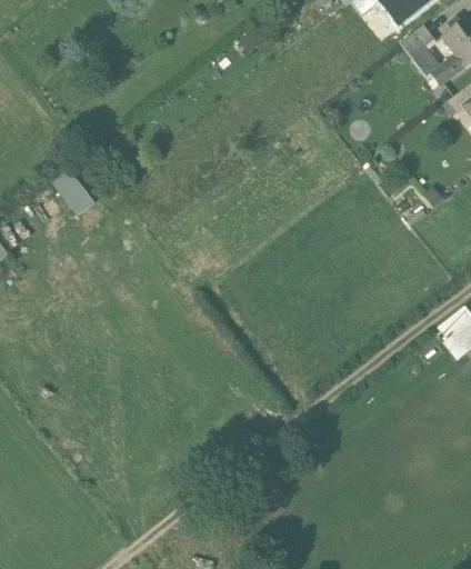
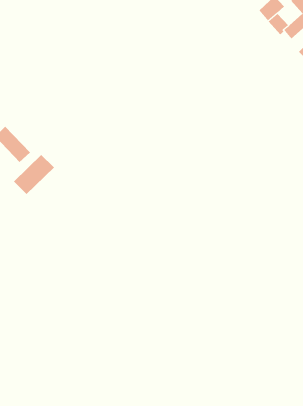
building: none -> [13,154,55,195]

